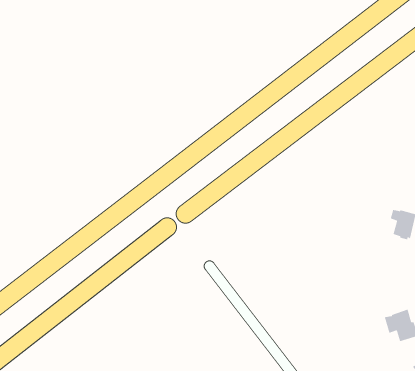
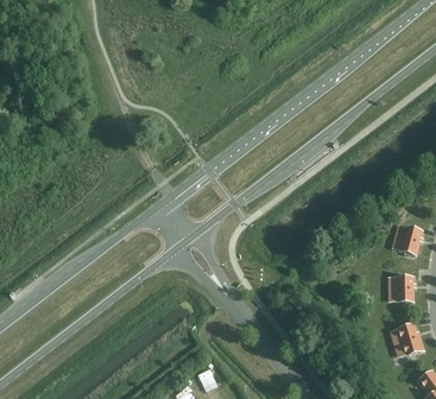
building: none -> [388,277,413,304]

